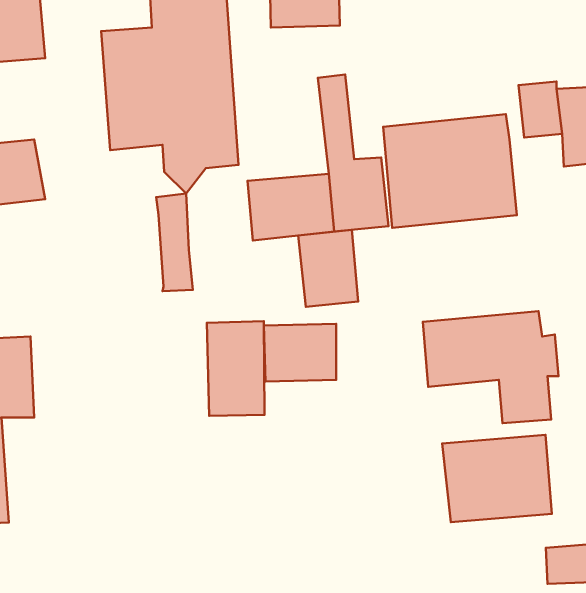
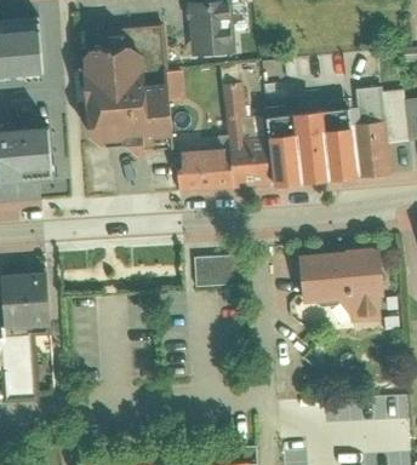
building: none -> [354,125,394,179]
building: [156,194,193,291] -> none
building: [298,230,358,307] -> none
building: [207,321,264,416] -> none
building: [442,435,552,522] -> none

